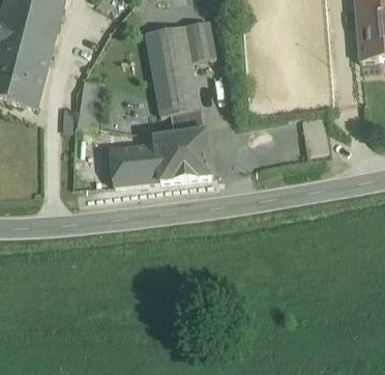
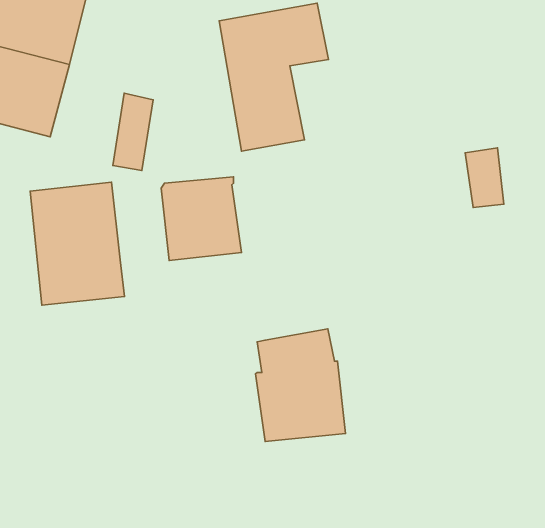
building: [153,109,211,181] -> [256,329,346,442]
building: none -> [30,182,124,305]

